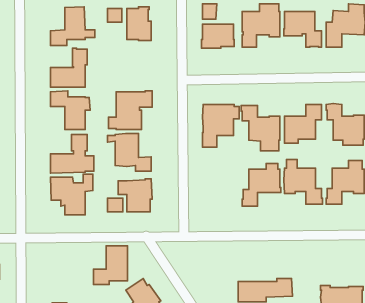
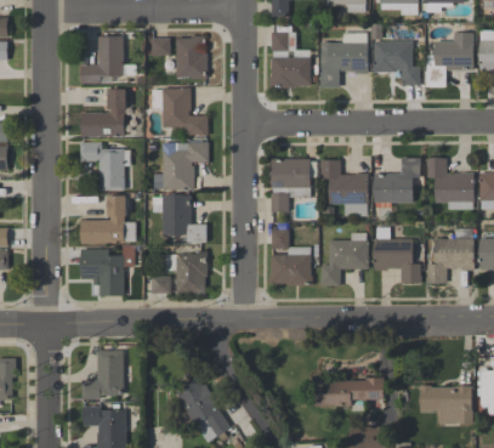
building: none -> [152,87,208,135]
building: none -> [269,229,312,285]
building: [94,246,127,285] -> [81,351,124,399]

